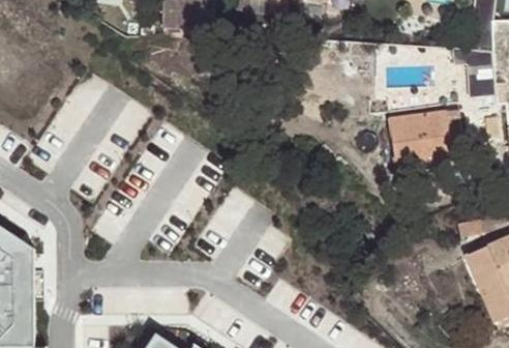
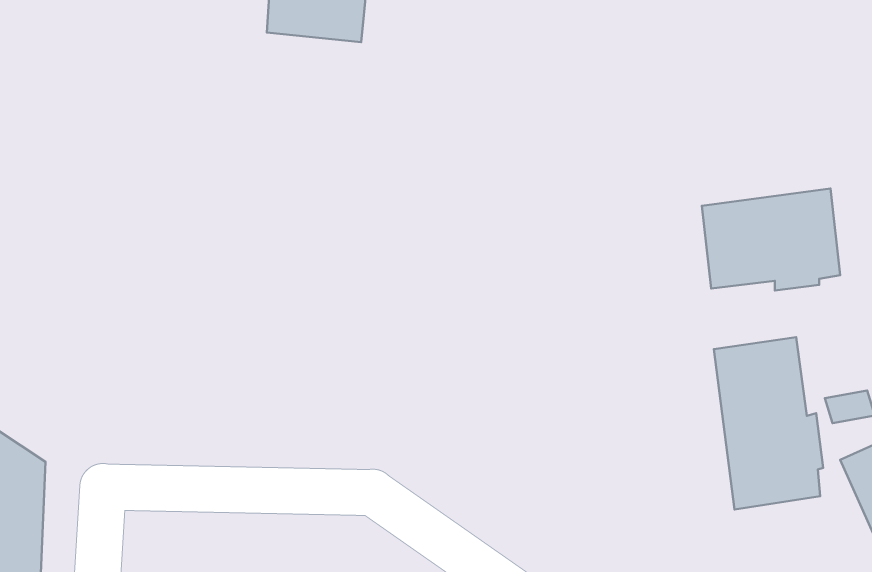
building: none -> [714,337,823,510]

